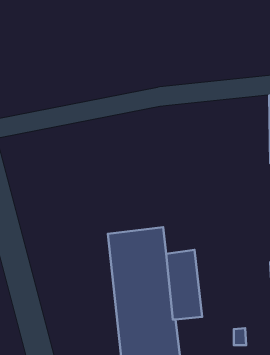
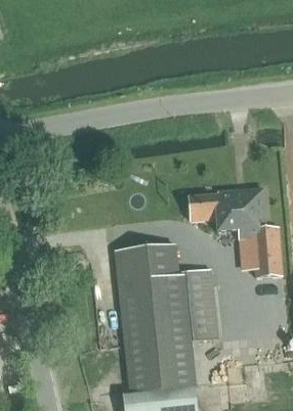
building: none -> [189,188,283,278]

